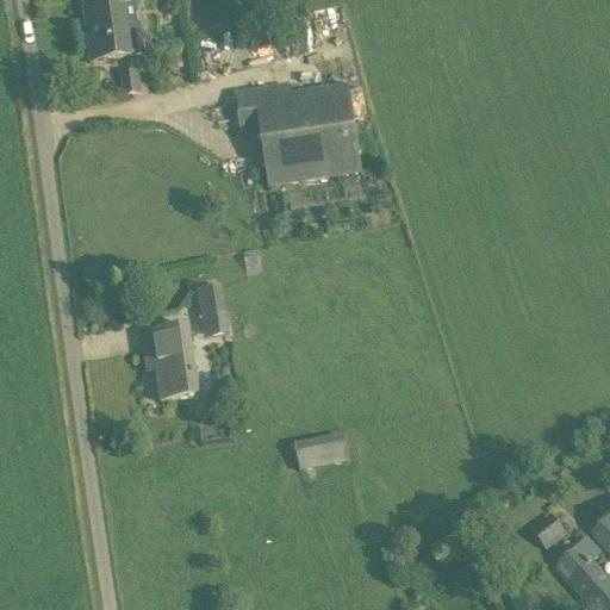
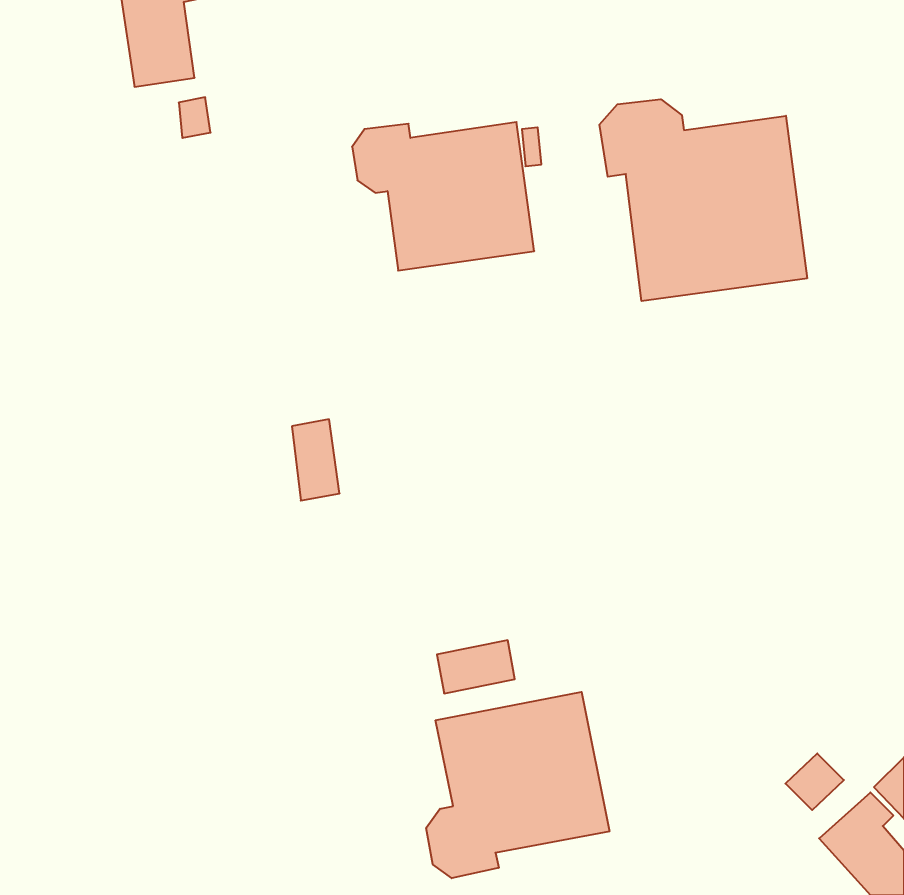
building: none -> [600,99,807,301]
building: [142,323,199,398] -> none
building: none -> [426,692,609,878]

